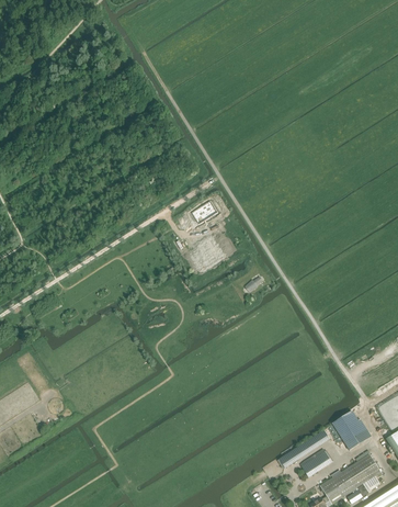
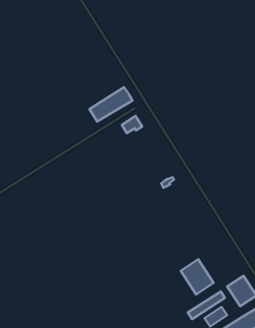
building: none -> [89,87,132,122]
building: none -> [181,259,214,294]

